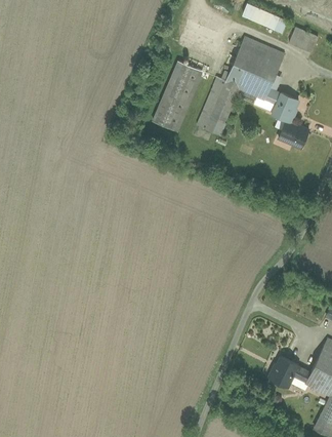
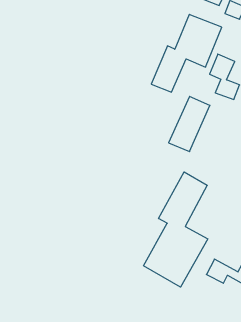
building: [152,67,204,136] -> [169,96,210,152]
building: none -> [144,172,208,287]

